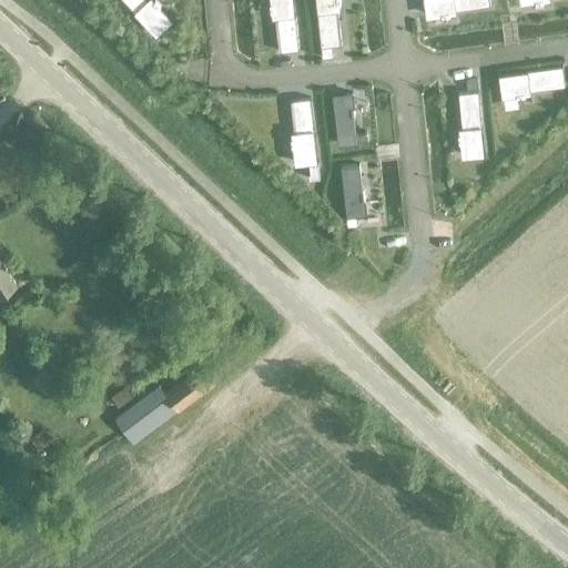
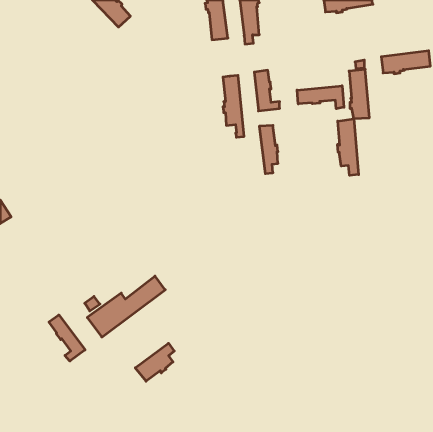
building: none -> [297,86,344,109]
building: none -> [338,119,359,175]
building: none -> [49,315,85,361]
building: none -> [135,343,174,381]

